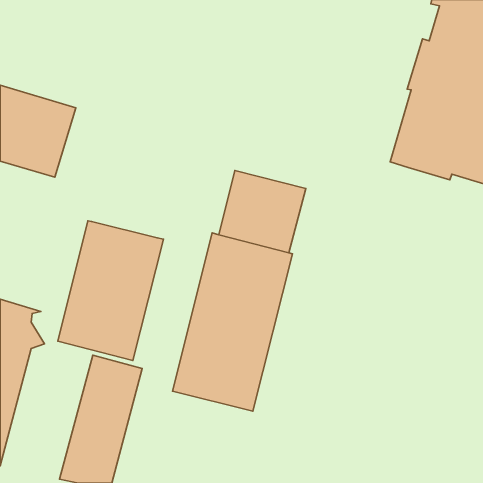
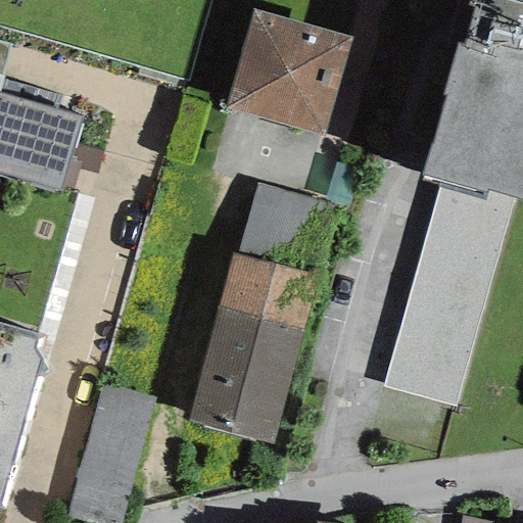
building: none -> [222,8,351,135]
building: none -> [384,181,516,408]
building: [58,221,163,360] -> none

